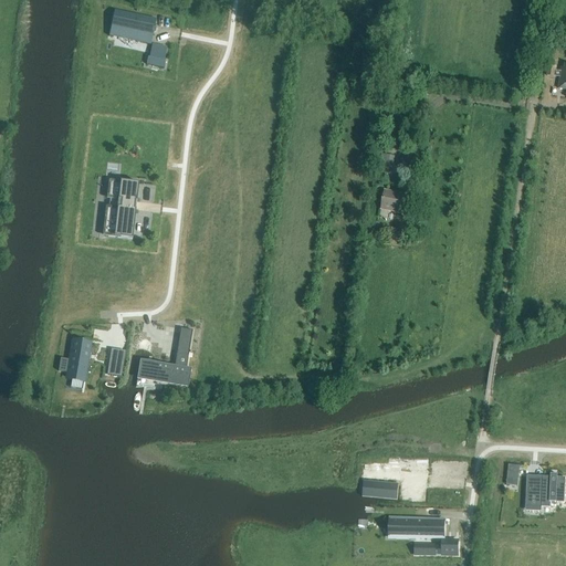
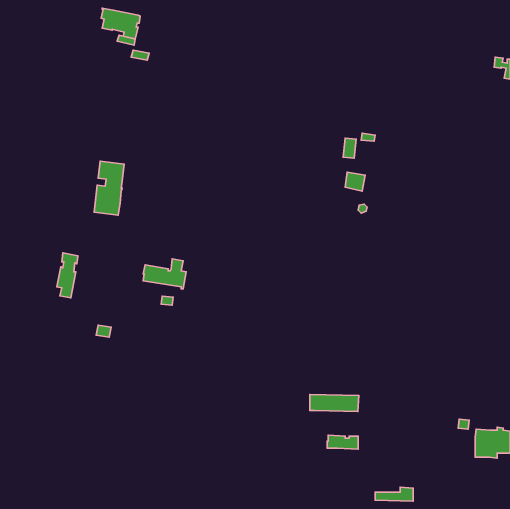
building: [65,338,88,388] -> [57,253,78,298]
building: [143,353,190,386] -> [143,259,186,289]
building: [389,517,443,536] -> [310,394,359,411]

